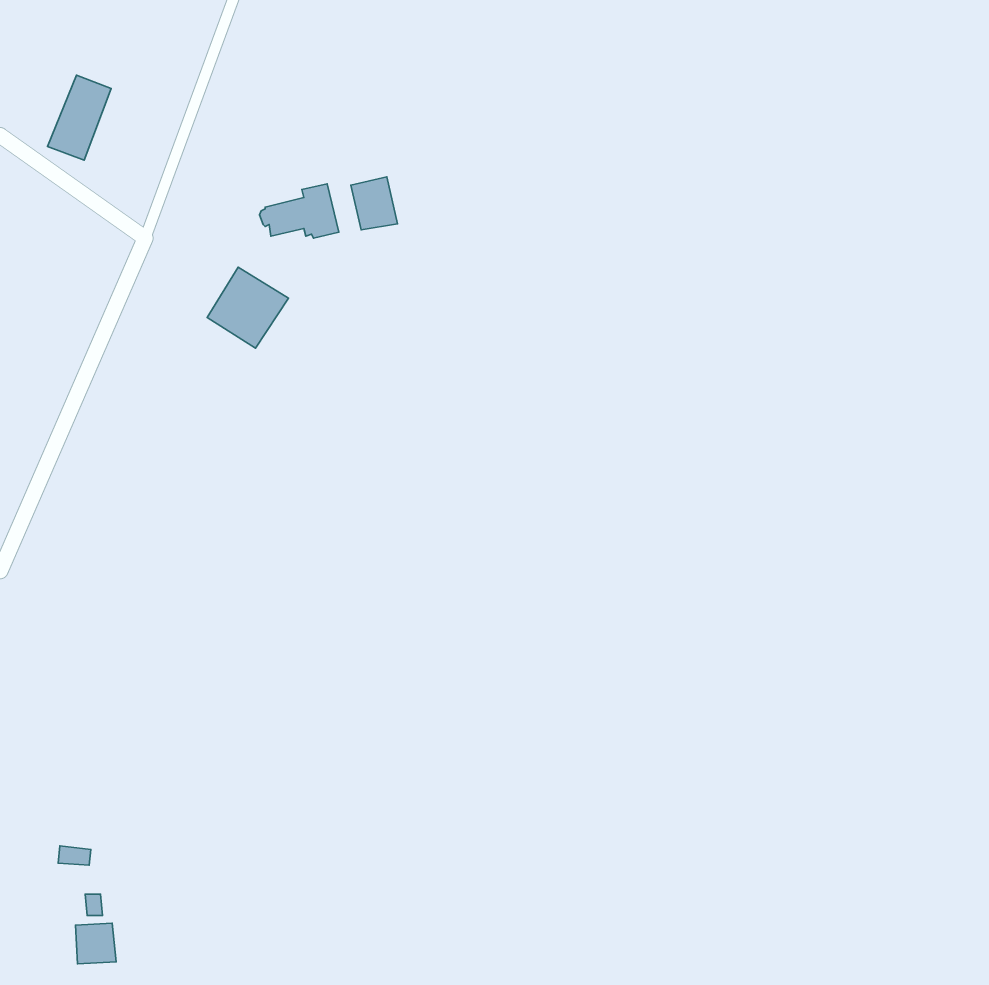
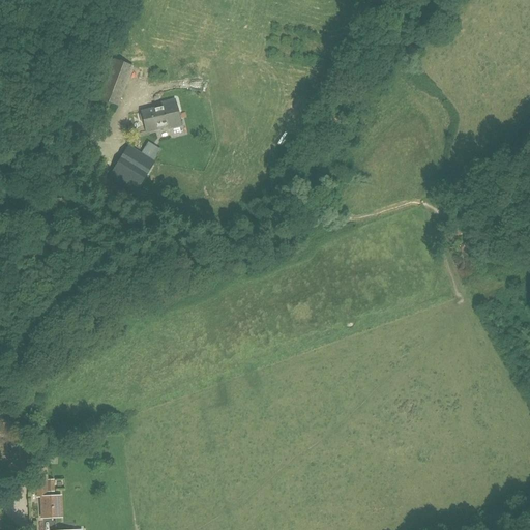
building: [47,75,111,160] -> [98,58,132,104]
building: [351,177,398,230] -> none

